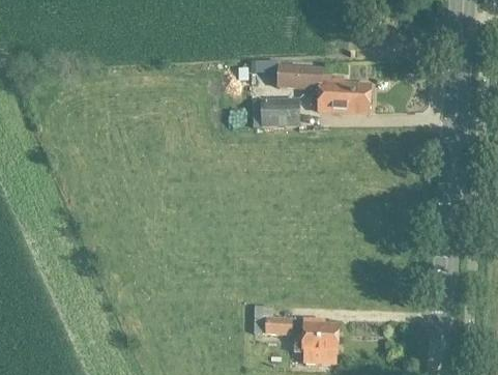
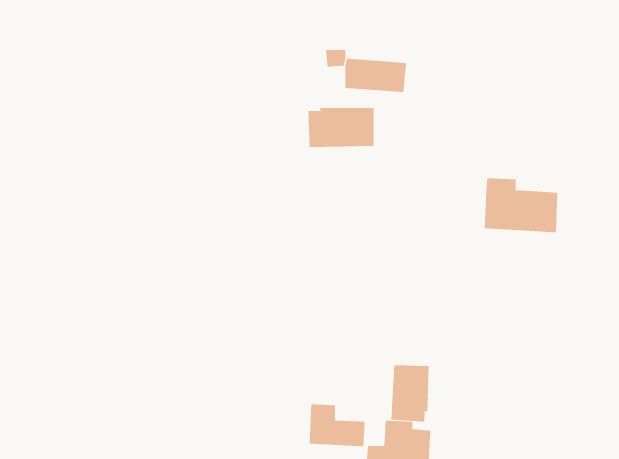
building: [319,75,371,113] -> [484,178,558,233]
building: none -> [391,364,429,422]

